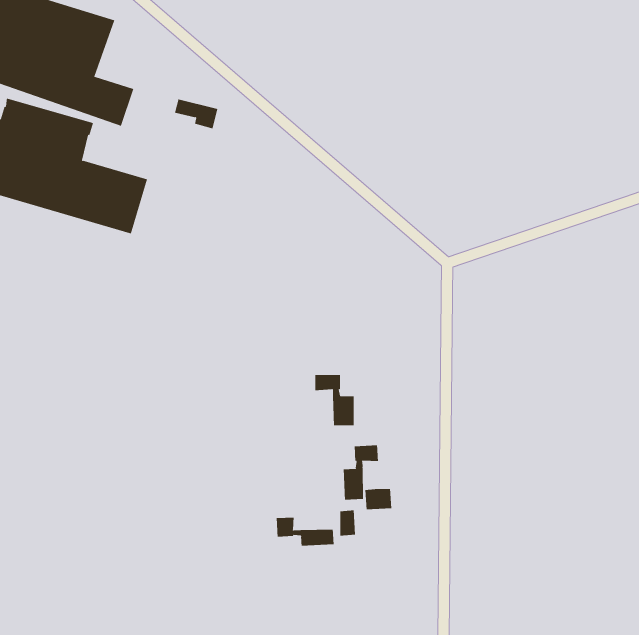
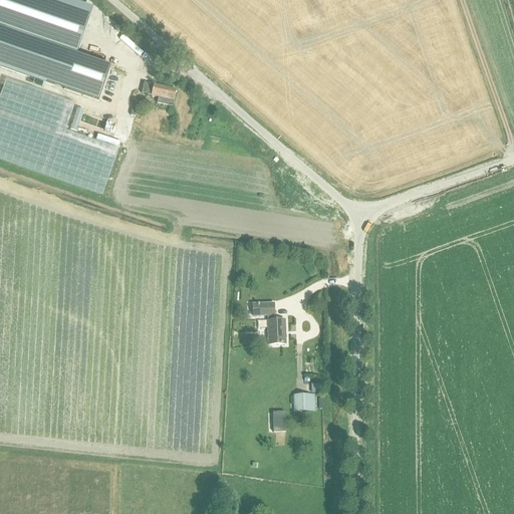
building: [343,445,378,500] -> none
building: [276,517,334,547] -> none

